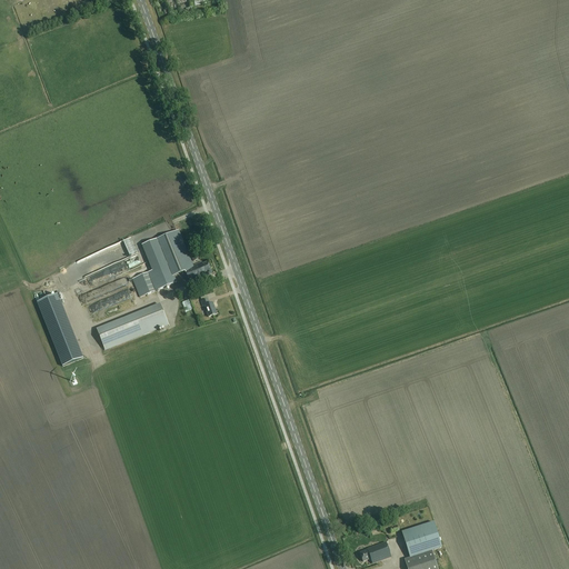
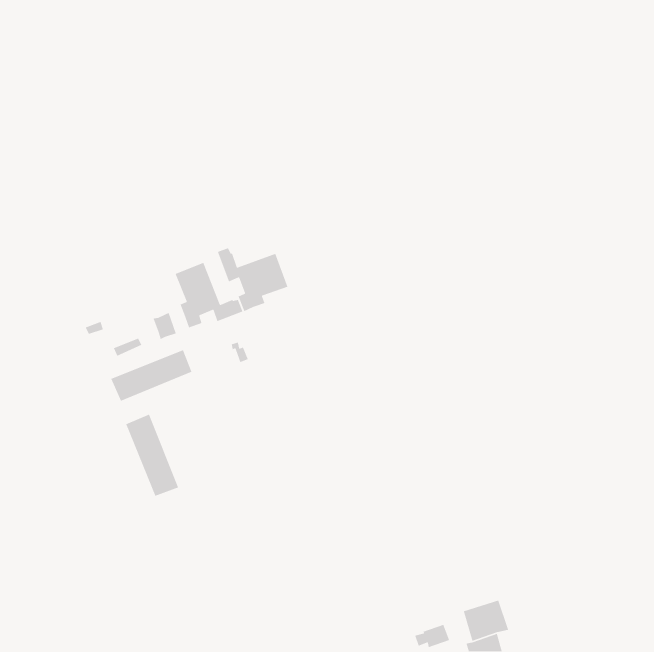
building: none -> [217,247,289,312]
building: [36,291,82,363] -> [125,414,179,497]

